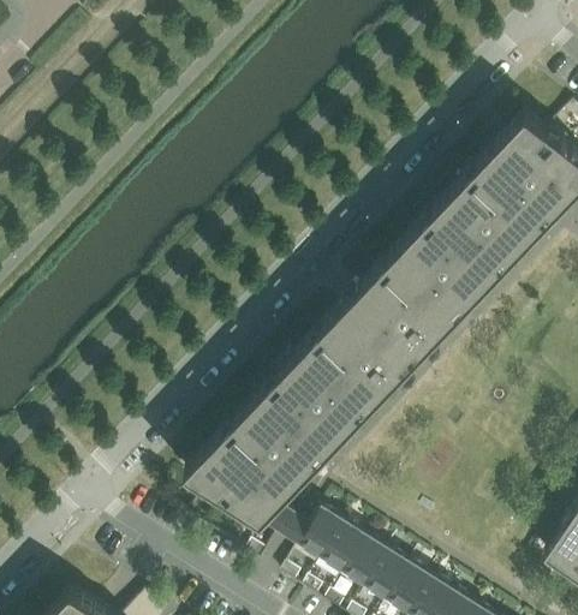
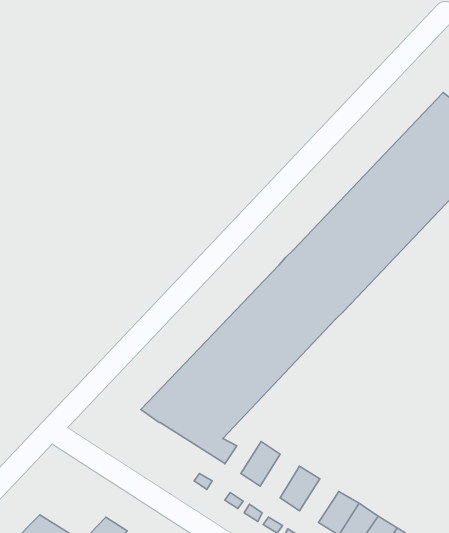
building: [323,525,368,574] -> none
building: [368,553,412,602] -> none

